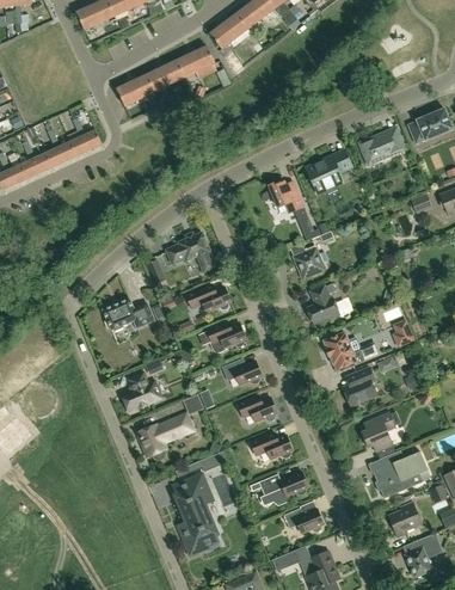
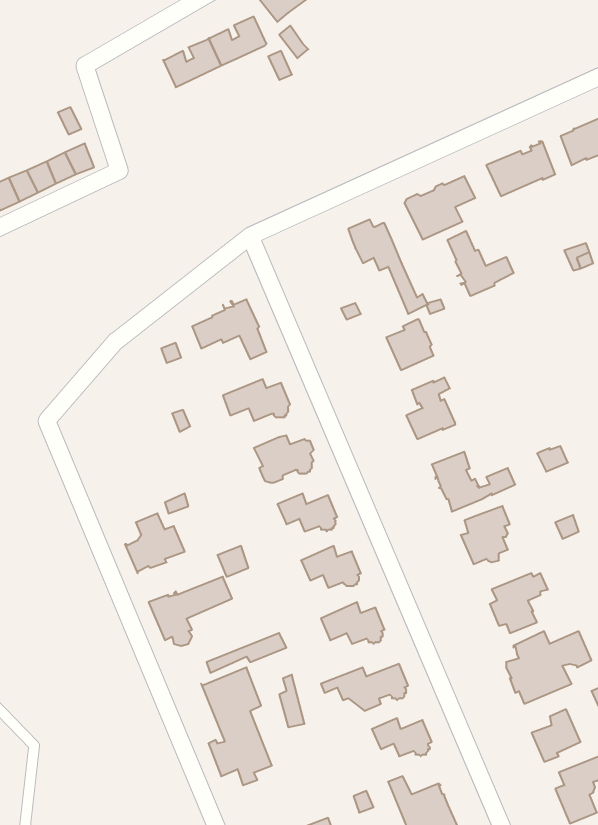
building: [116,74,154,106] -> none
building: none -> [448,231,514,296]
building: [102,297,153,331] -> none

